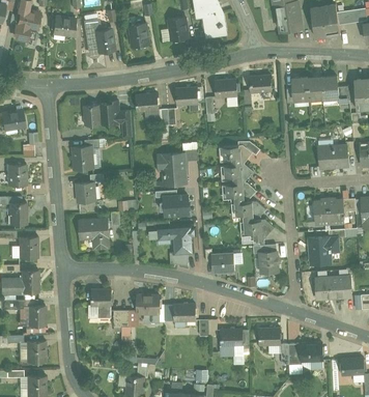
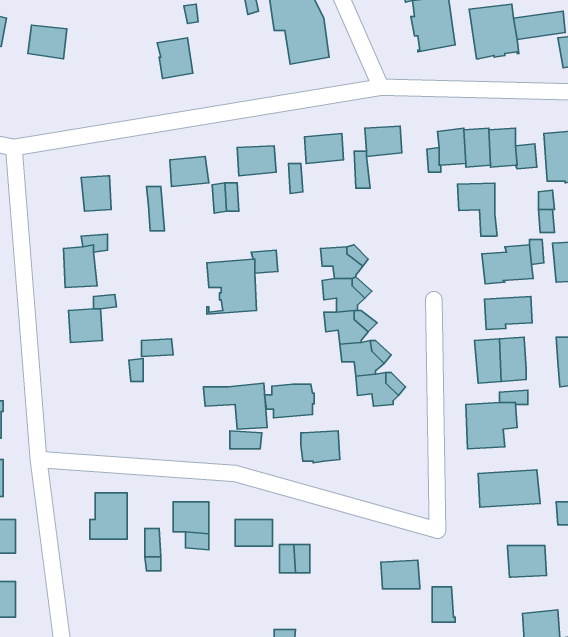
building: [167,17,188,41] -> none
building: [84,22,113,54] -> none
building: [98,101,122,126] -> none
building: none -> [457,183,497,236]
building: none -> [484,297,532,330]
building: [160,196,189,216] -> [265,384,314,418]
building: [79,219,109,249] -> none
building: [259,245,279,274] -> none
building: [220,331,243,356] -> none
building: [300,344,322,363] -> [508,545,547,577]

